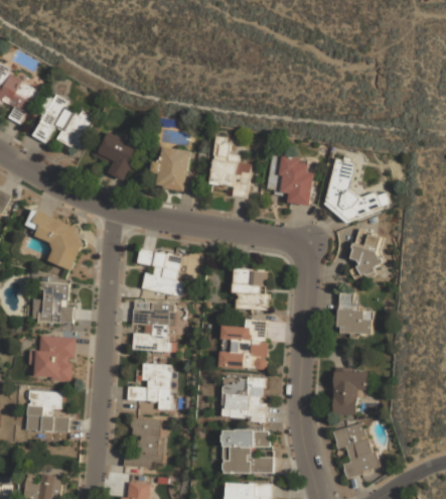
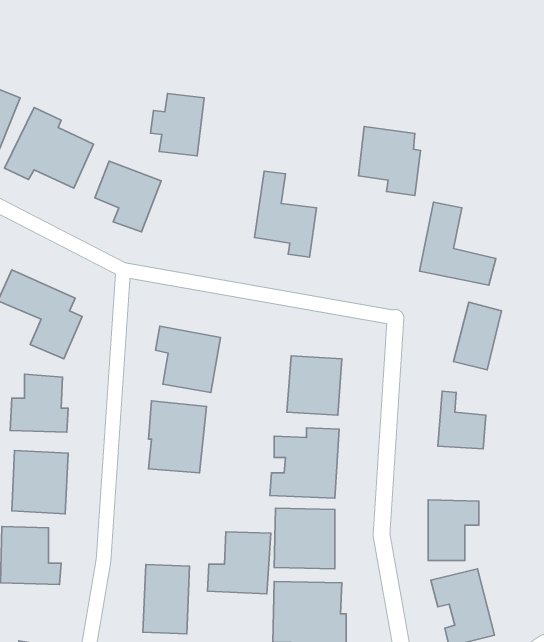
building: [151,146,189,191] -> [151,94,204,156]
building: [268,155,312,205] -> [358,127,420,196]
building: [126,362,171,406] -> [207,532,271,594]

